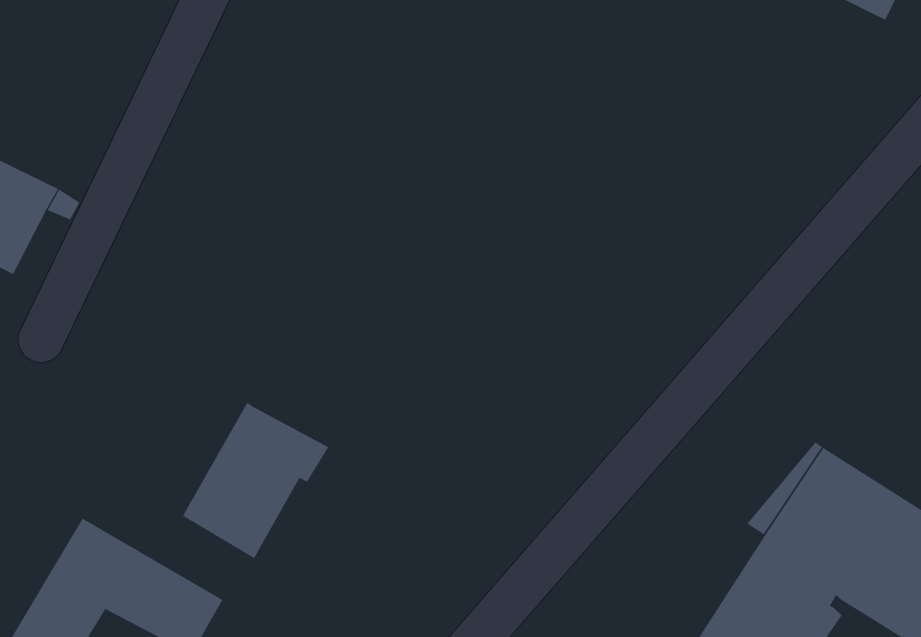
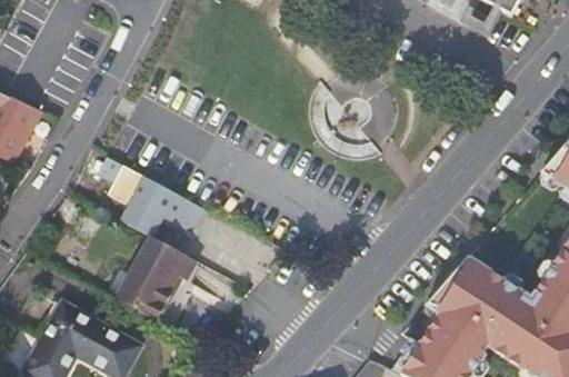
building: none -> [98,152,201,236]

